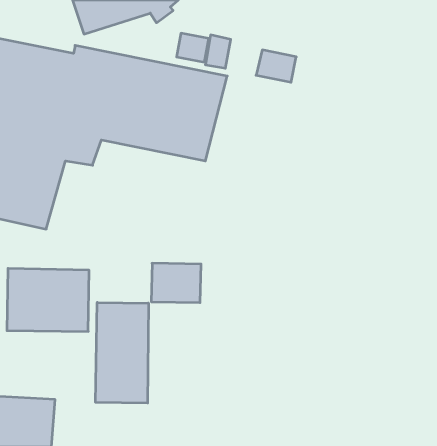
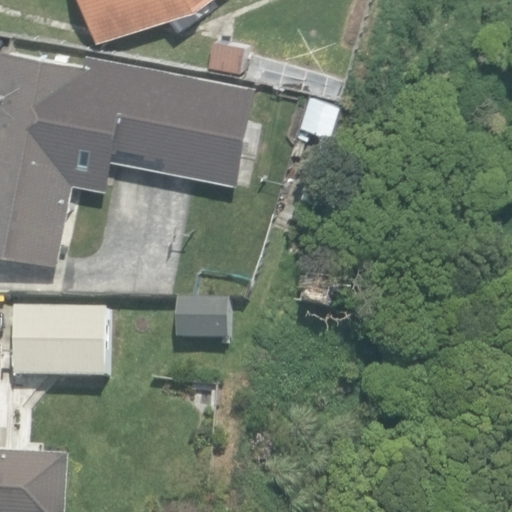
building: [96,302,148,403] -> none

